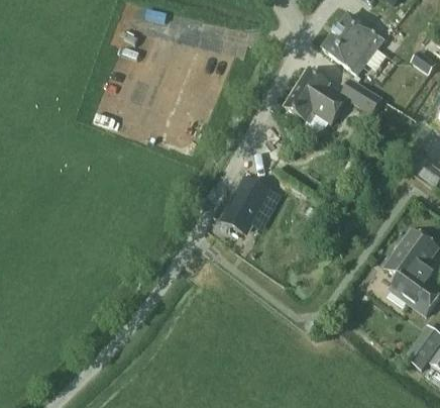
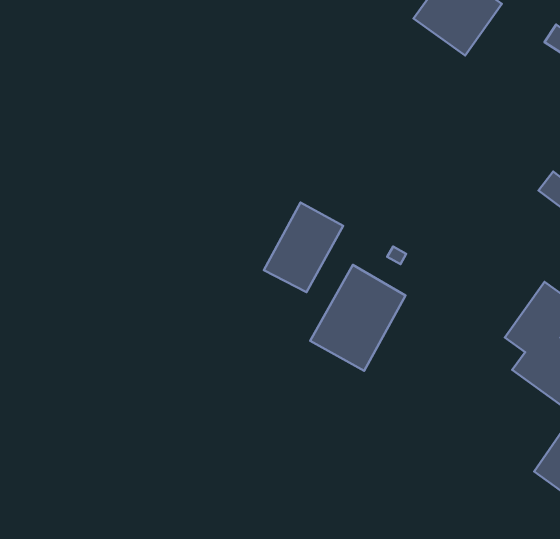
building: [285,69,381,121] -> none
building: none -> [310,265,405,371]

